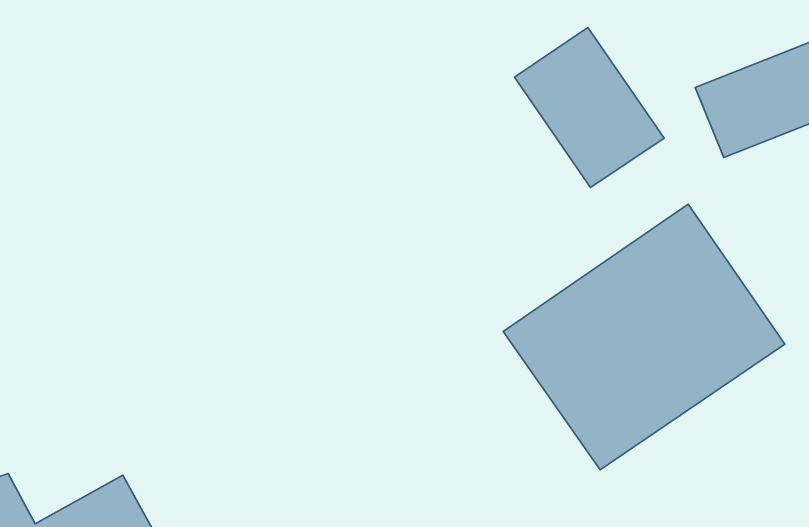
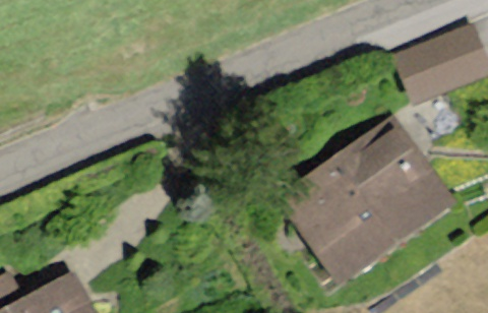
building: [514,28,664,188] -> none

